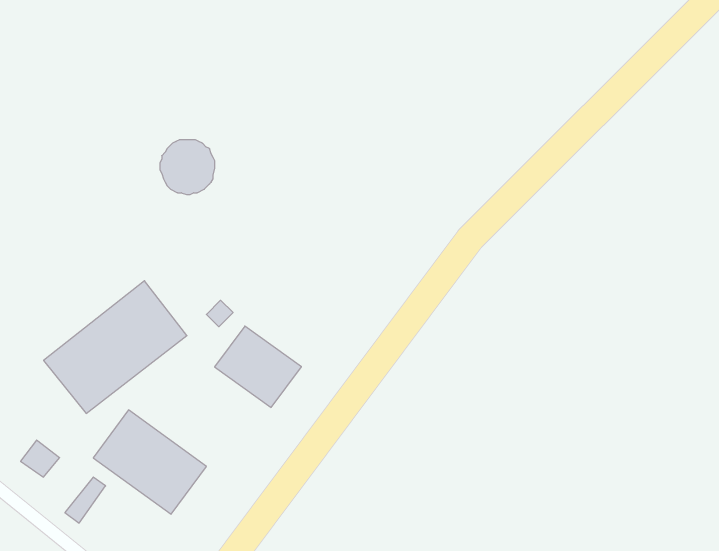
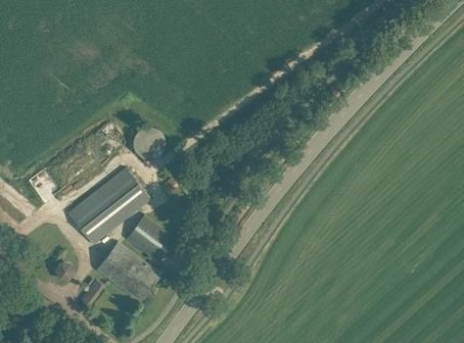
building: [160,140,215,195] -> [133,128,165,159]
building: [215,326,301,407] -> [126,215,176,262]

